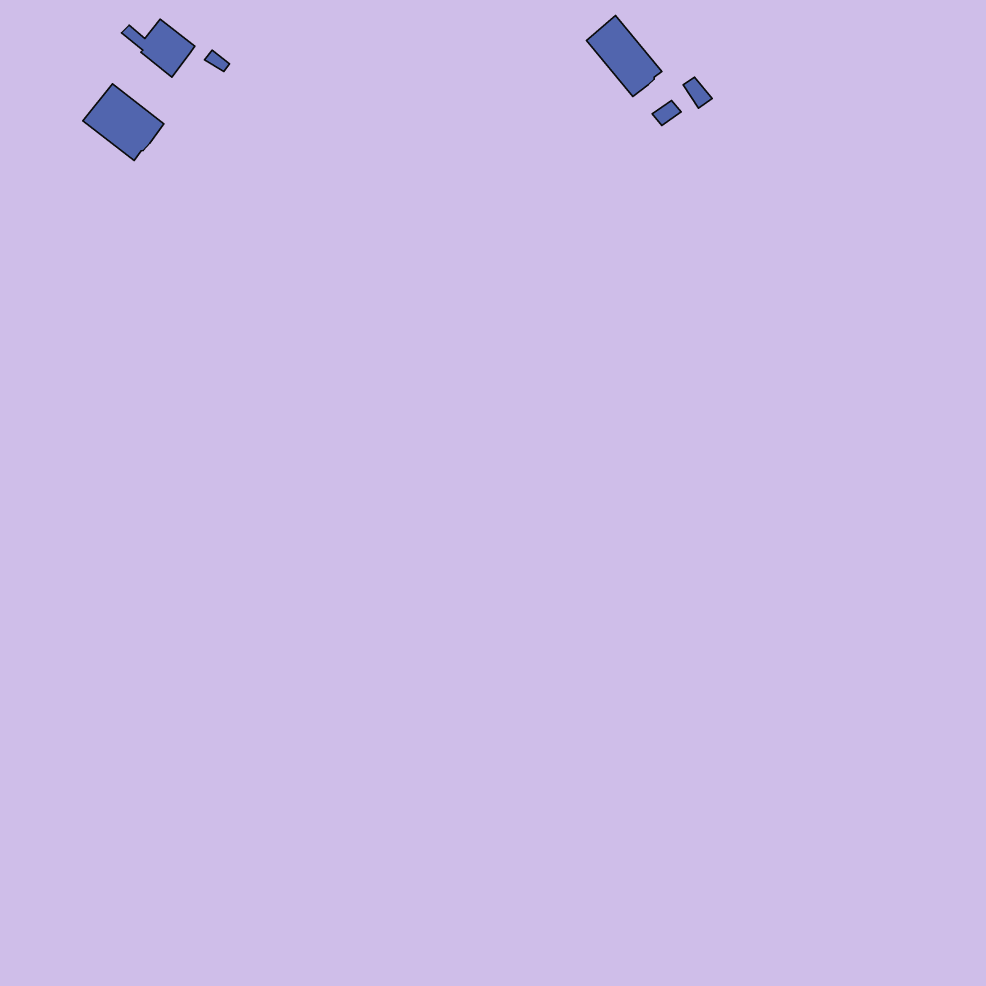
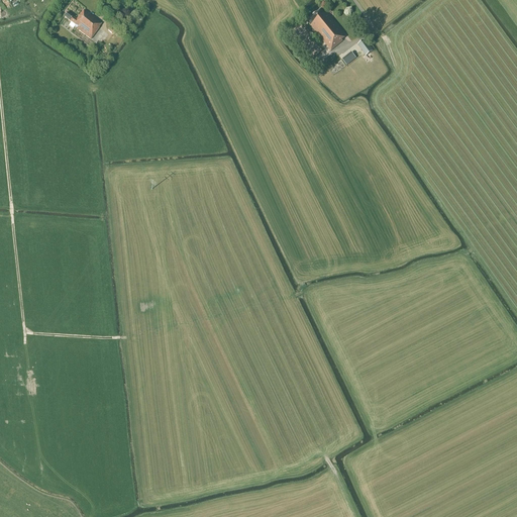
building: [83,84,164,161] -> none

